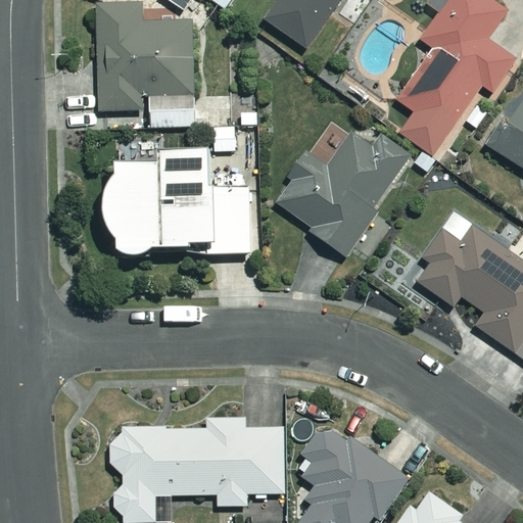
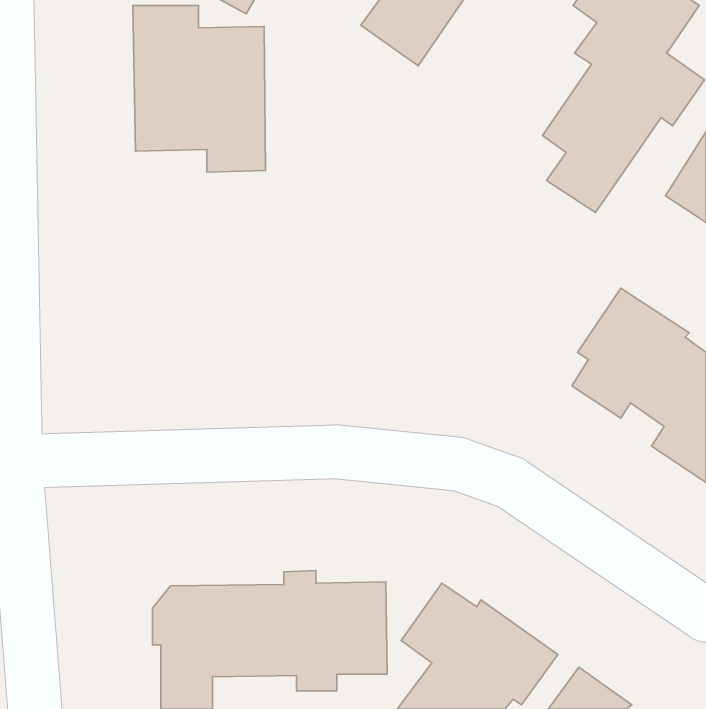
building: [274,134,410,254] -> none
building: [111,152,251,255] -> none

